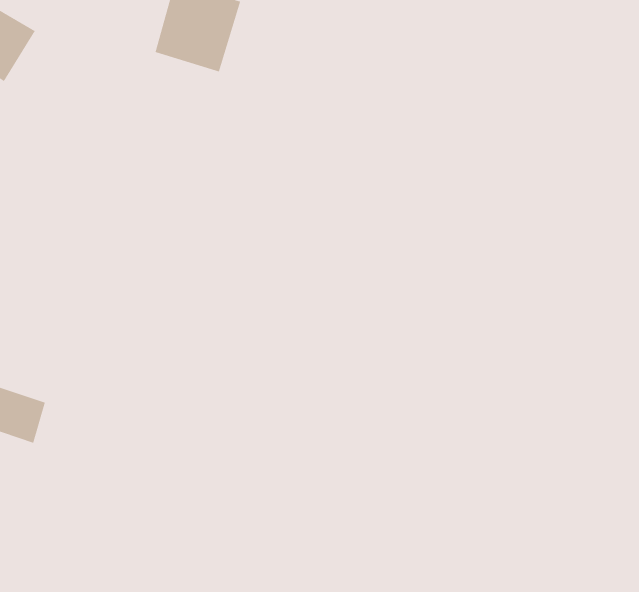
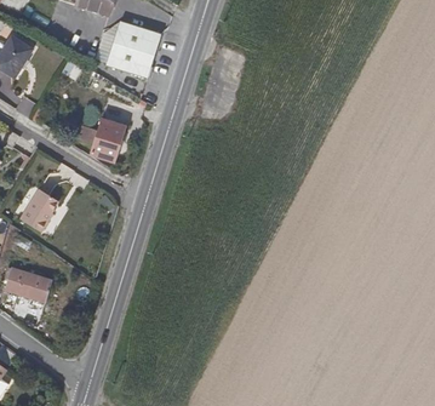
building: none -> [91,115,126,161]
building: none -> [18,191,56,234]

